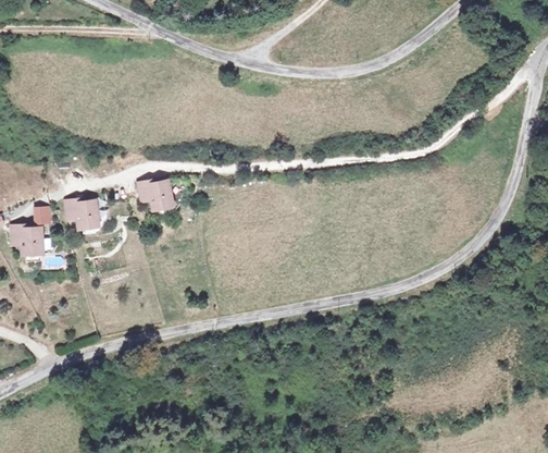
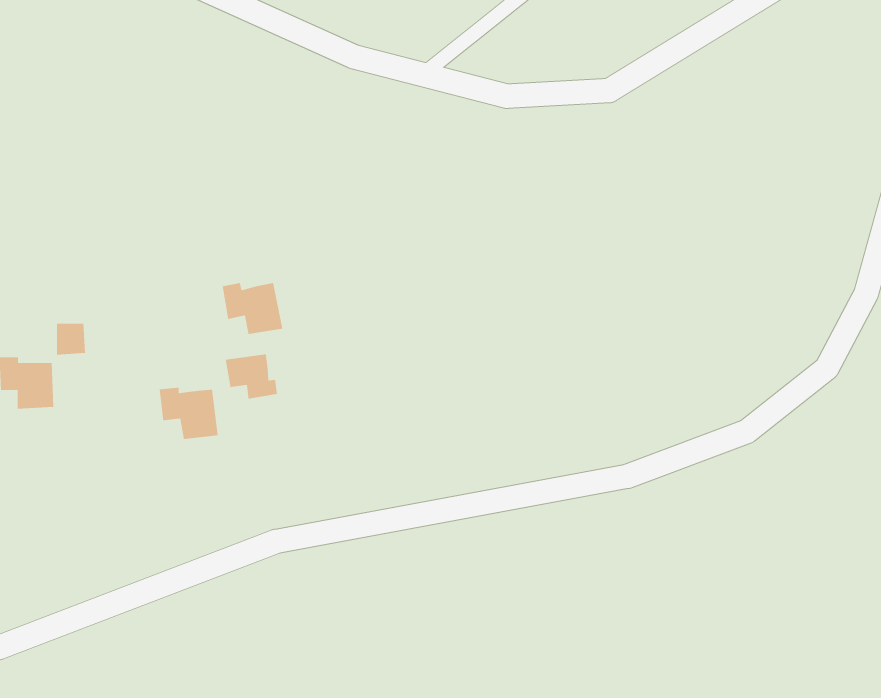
building: [64,199,99,230] -> [159,387,218,439]
building: none -> [225,354,277,399]

